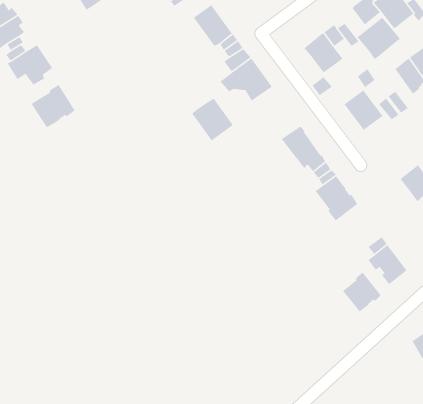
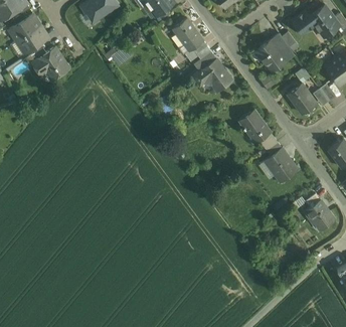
building: [357,17,401,60] -> none
building: [29,84,75,129] -> none
building: [192,98,234,141] -> none
building: [340,272,381,313] -> none

